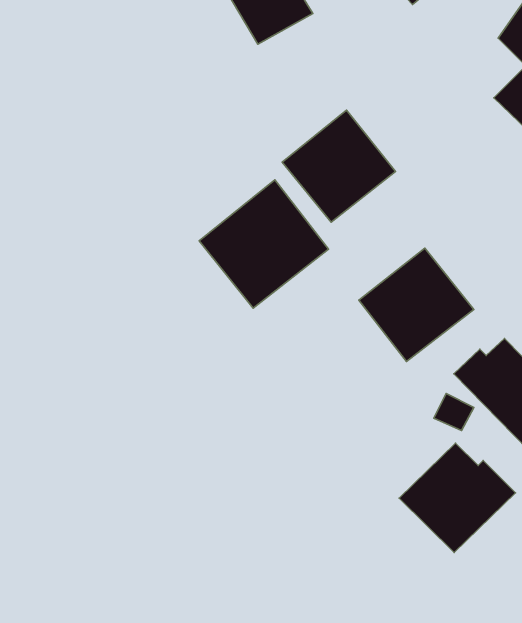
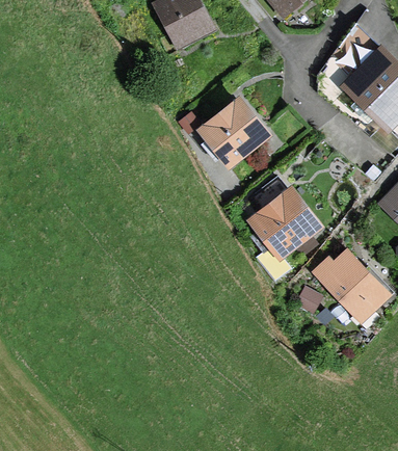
building: [199,180,329,308] -> none
building: [399,443,515,553] -> none

